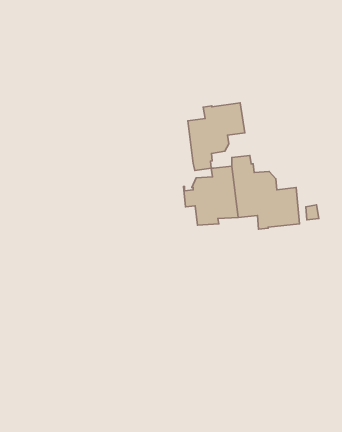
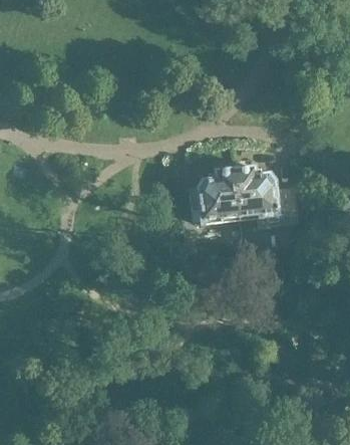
building: [188,103,245,170] -> none

